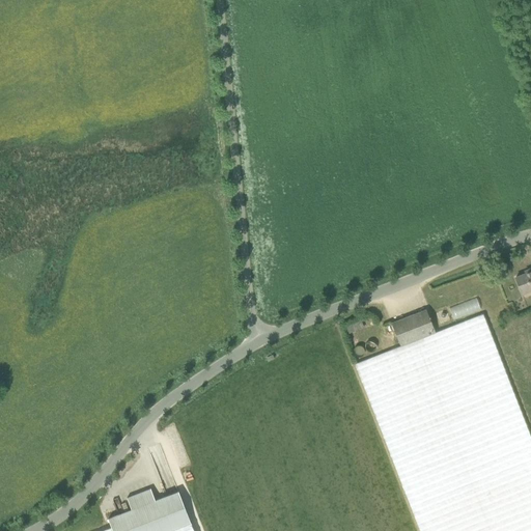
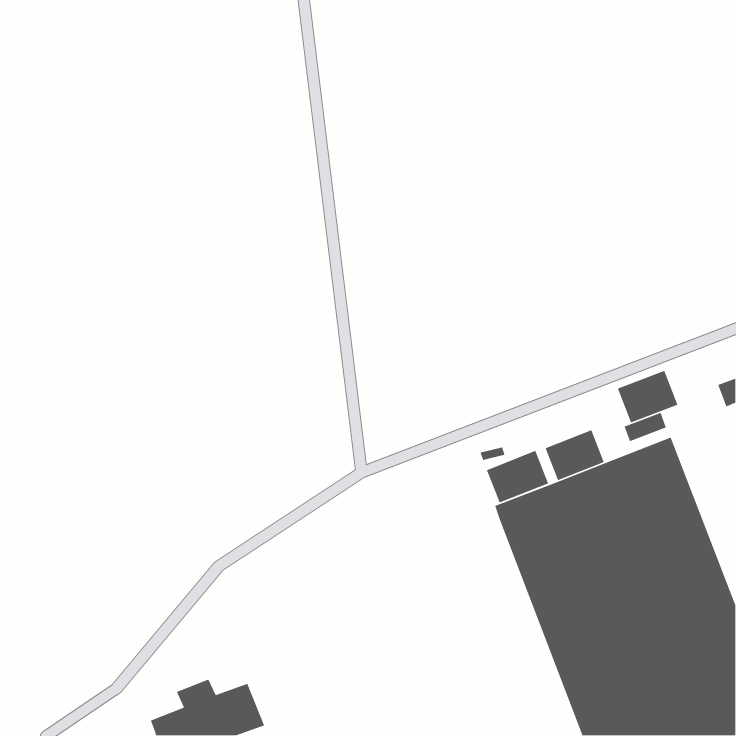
building: none -> [617,370,679,424]
building: none -> [486,450,549,504]

